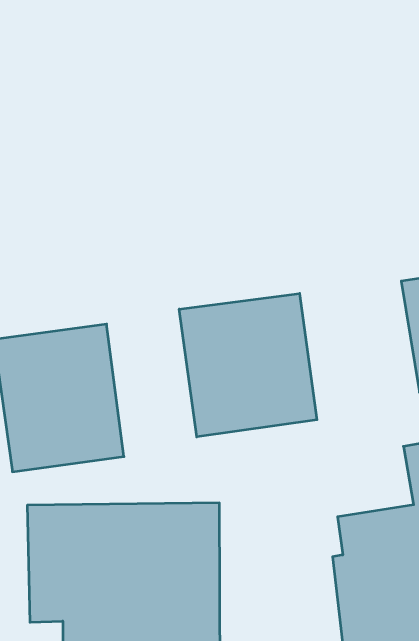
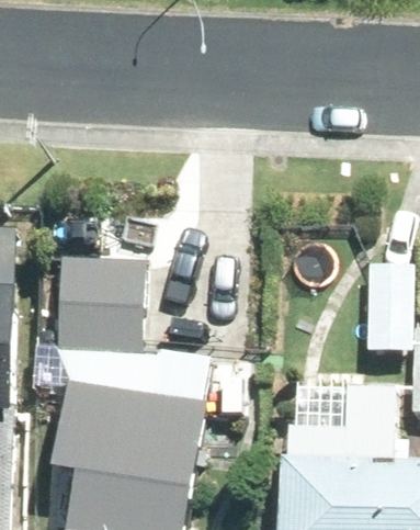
building: [179,293,317,437] -> none

